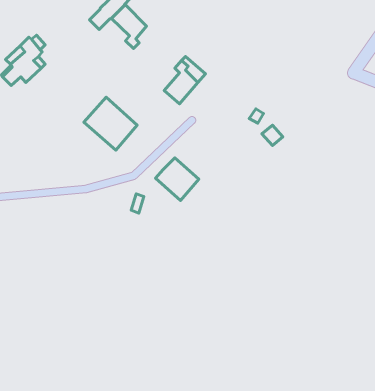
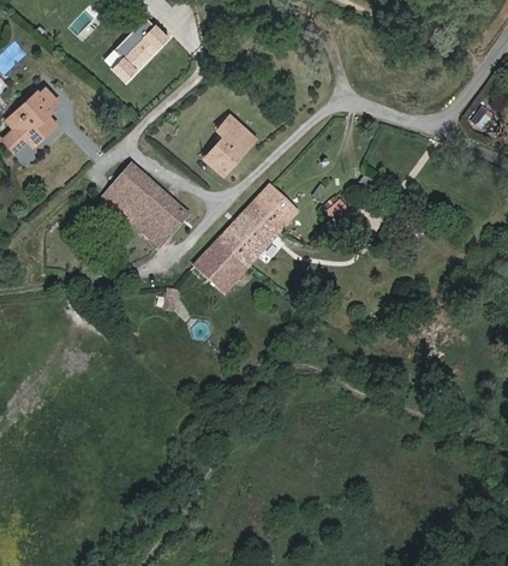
building: [112,5,147,49] -> none
building: none -> [217,185,297,267]
building: none -> [144,199,187,245]

